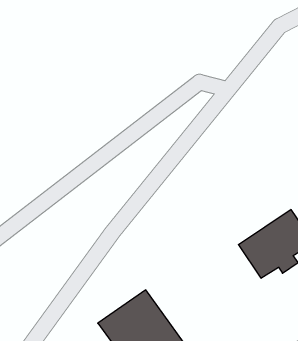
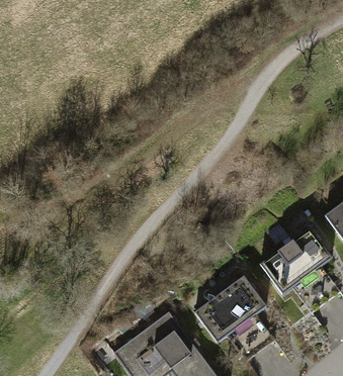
building: none -> [186,276,264,347]

